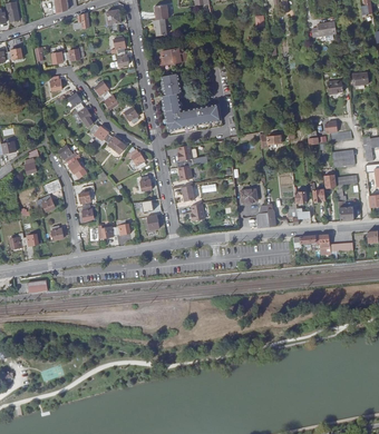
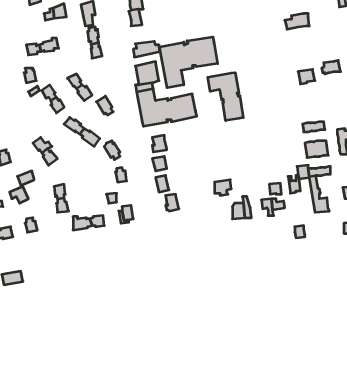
building: none -> [160,37,218,88]
building: none -> [208,73,243,121]

